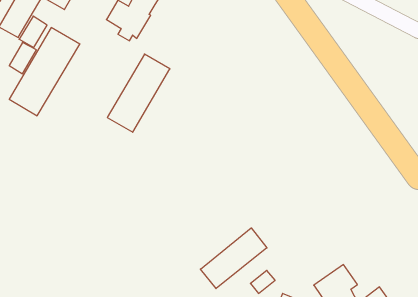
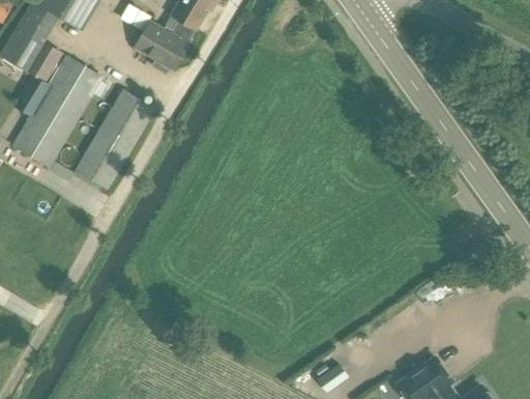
building: [107,54,170,132] -> [76,90,154,189]
building: [200,228,267,289] -> none

